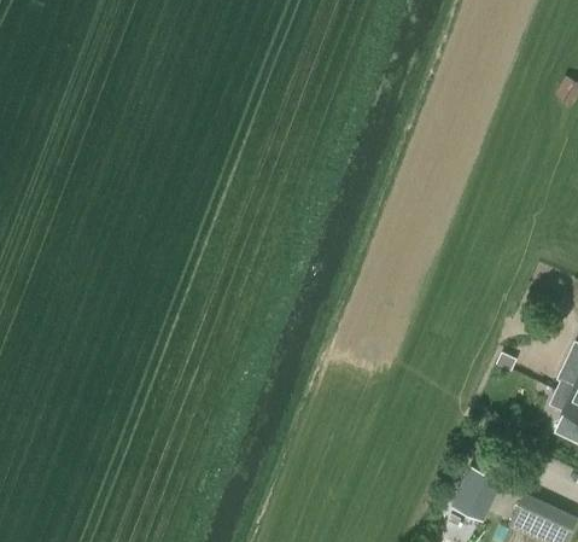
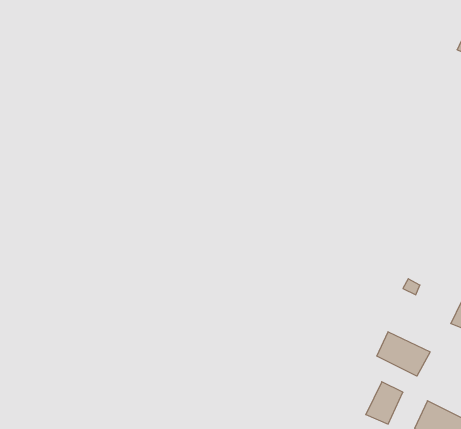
building: none -> [377,332,430,376]

